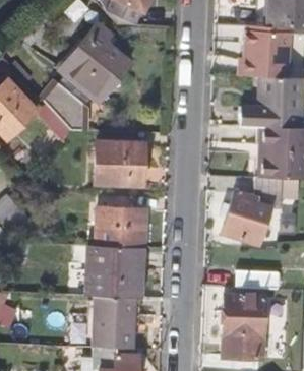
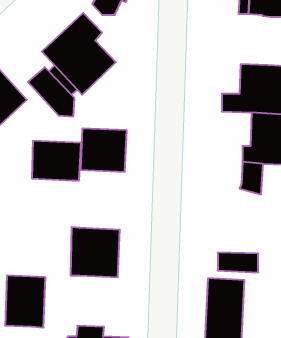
building: [240,28,290,76] -> none
building: [226,192,272,243] -> none
building: [94,205,144,246] -> [32,141,81,180]
building: [92,293,133,347] -> [5,275,46,328]

